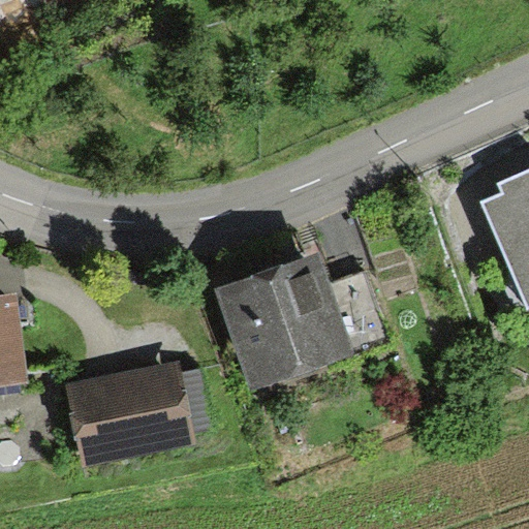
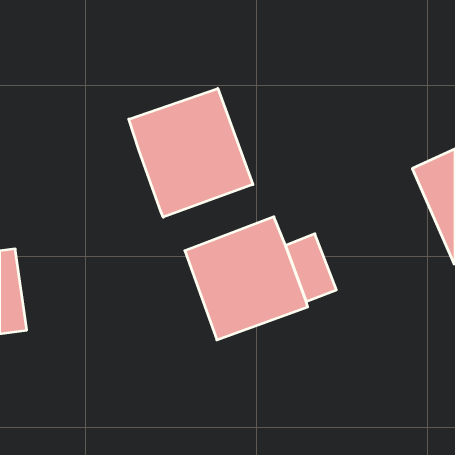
building: none -> [129,88,253,217]
building: [65,361,194,464] -> none

